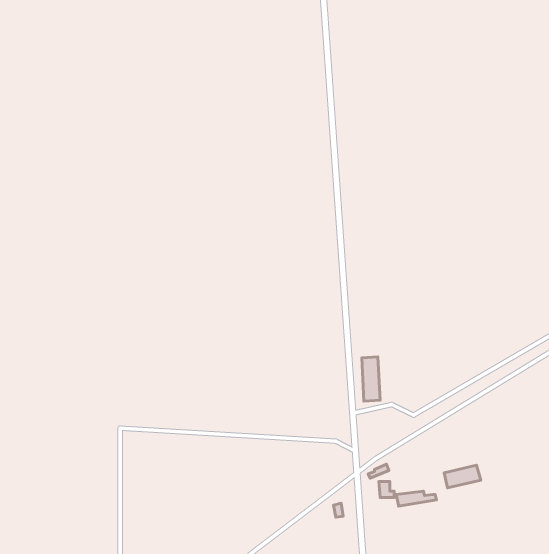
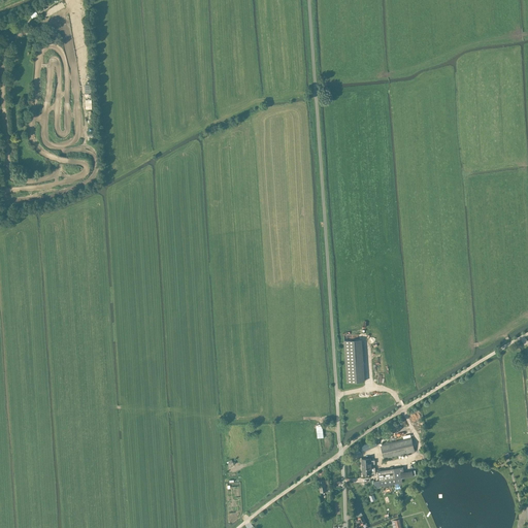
building: [444,465,481,488] -> [385,437,420,459]

